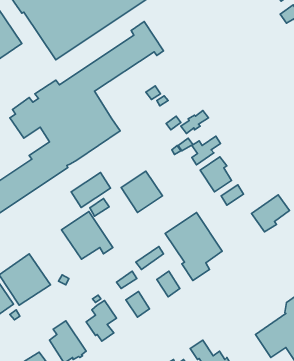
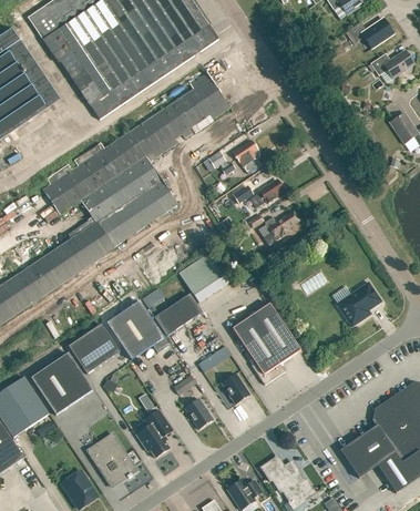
building: none -> [233,140,260,173]
building: [200,157,232,192] -> none
building: [71,173,111,207] -> [154,294,202,336]
building: none -> [68,324,120,374]

